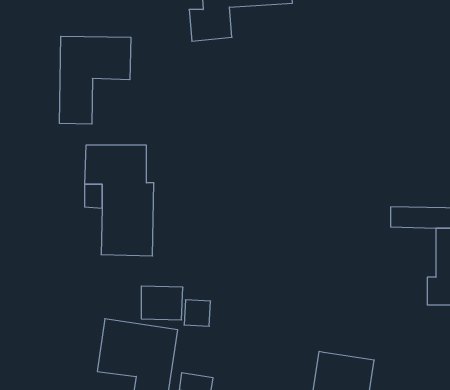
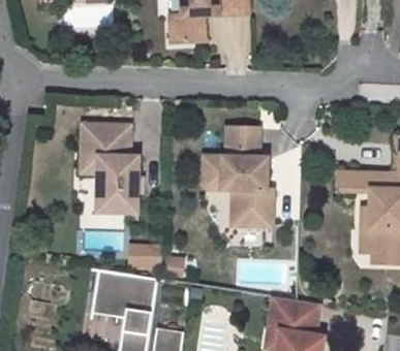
building: [59,36,131,124] -> none
building: none -> [205,127,272,227]

